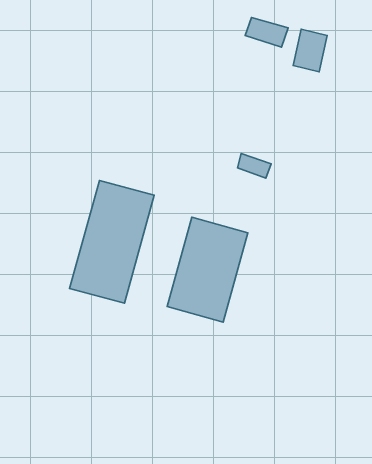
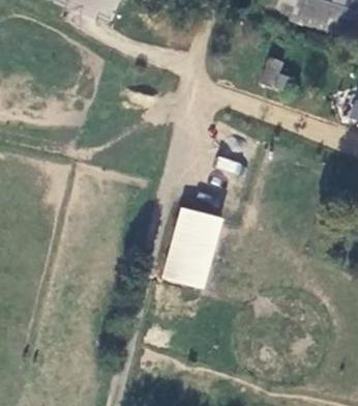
building: [70,180,154,303] -> none

